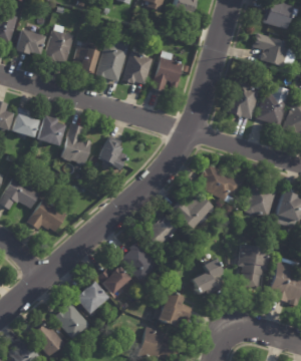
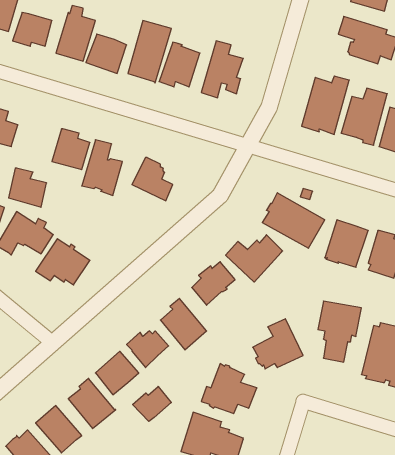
building: [14,108,42,137] -> [9,168,47,207]
building: none -> [133,386,171,421]

